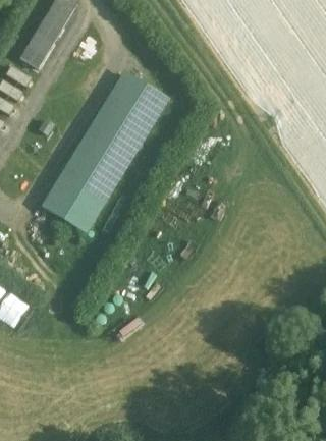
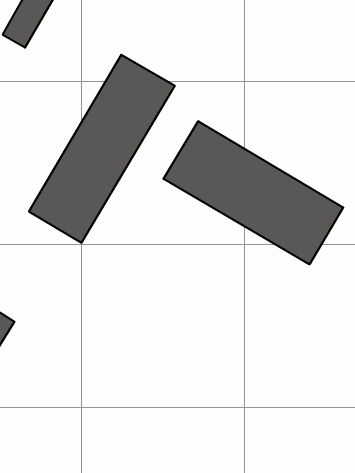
building: none -> [163,121,343,264]

